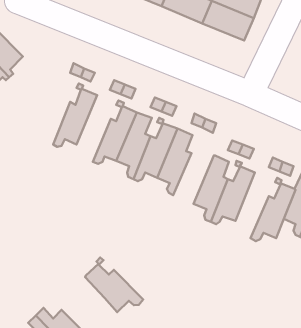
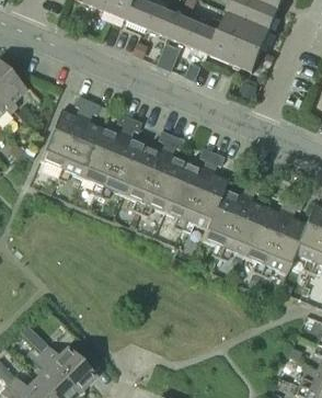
building: none -> [39,110,77,178]
building: none -> [82,127,118,195]
building: none -> [181,167,228,238]
building: none -> [244,206,279,273]
building: [85,257,143,312] -> none

